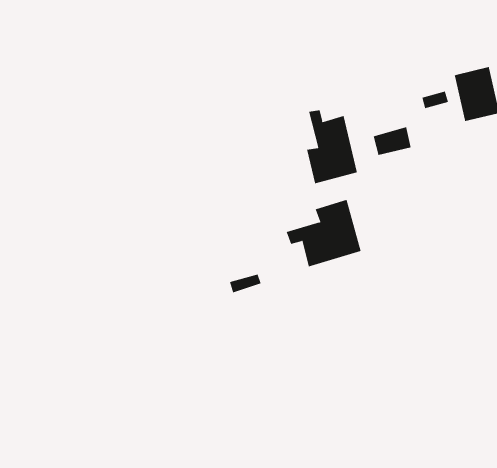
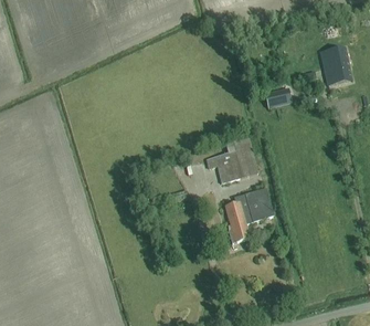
building: [307,109,357,184] -> none
building: none -> [224,189,273,242]

